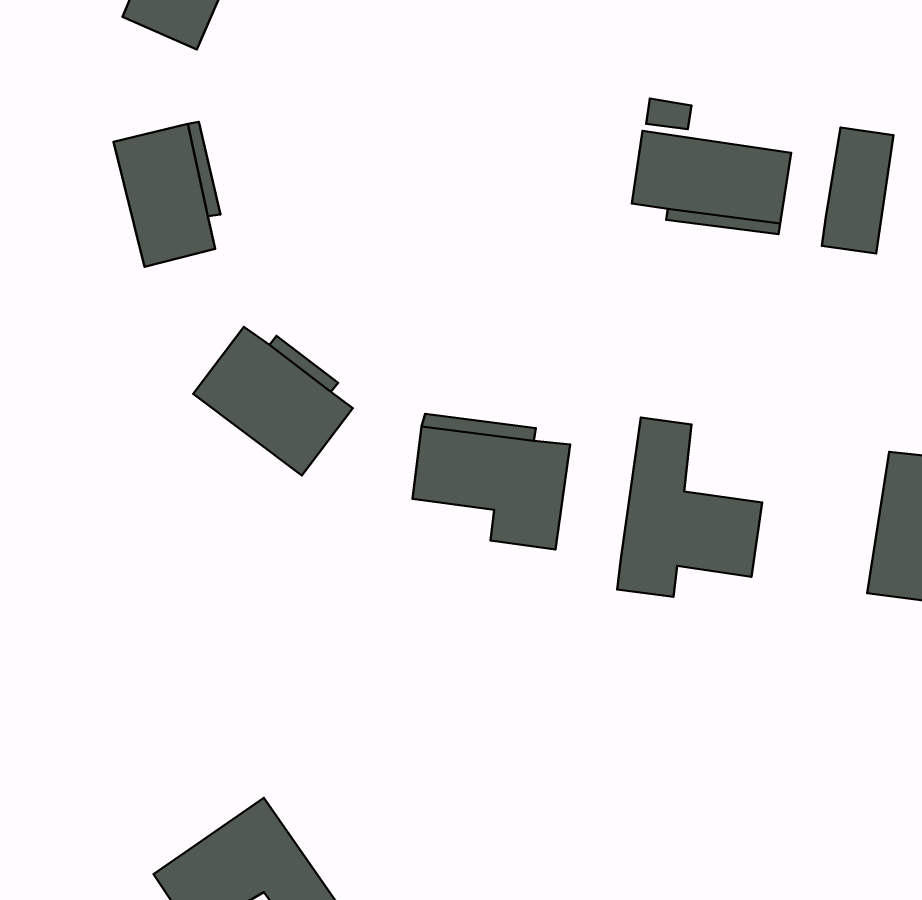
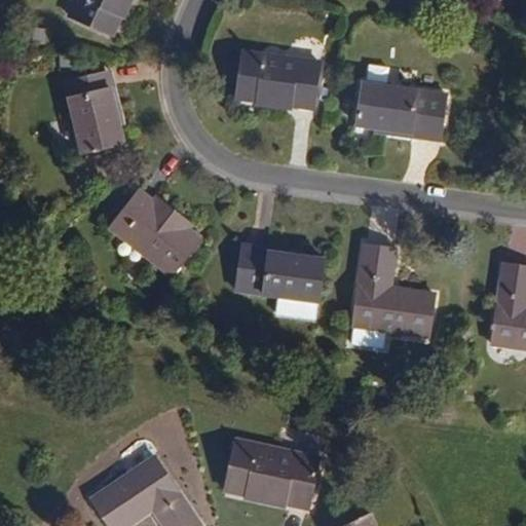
building: none -> [237,49,321,104]
building: [822,128,894,254] -> none
building: none -> [224,445,316,511]

